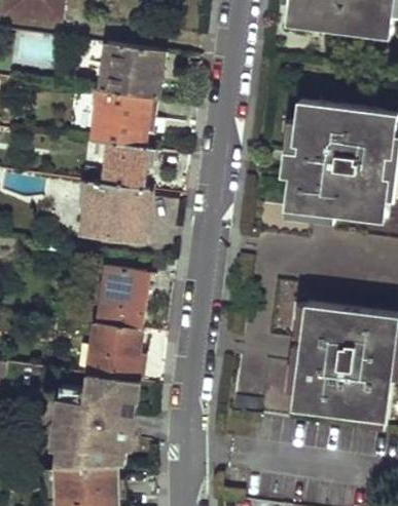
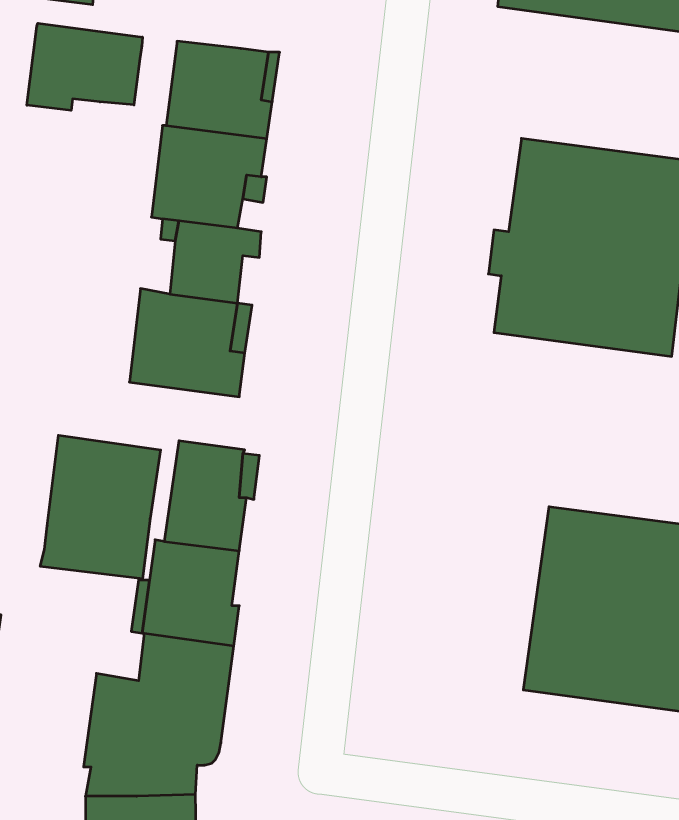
building: none -> [27,23,142,110]
building: none -> [40,435,161,579]

